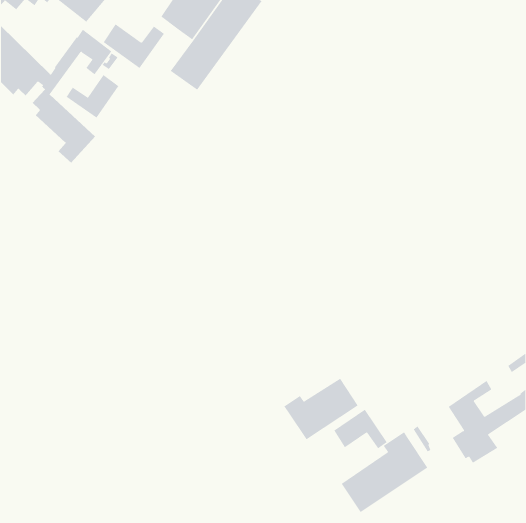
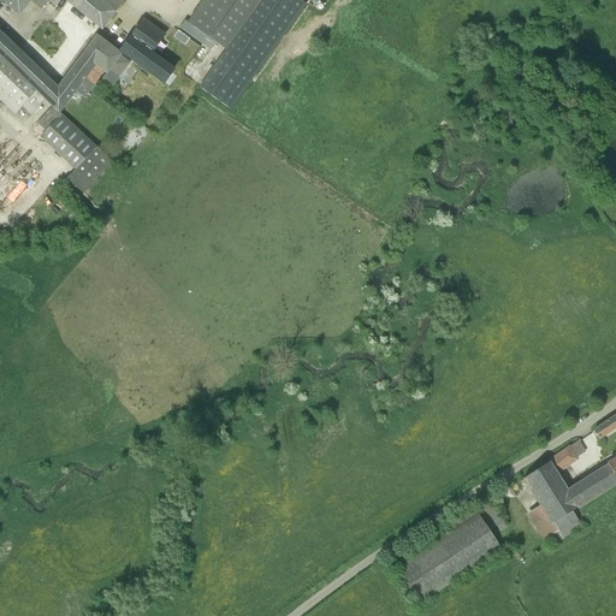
building: [66,74,119,119] -> none
building: [283,378,359,440] -> none
building: [334,409,388,449] -> none

